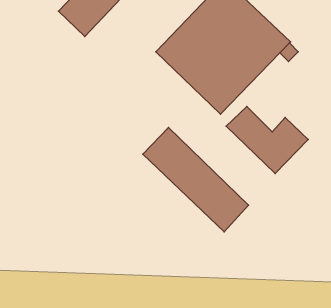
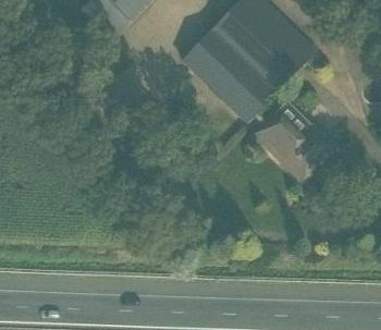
building: [143,127,249,232] -> none

